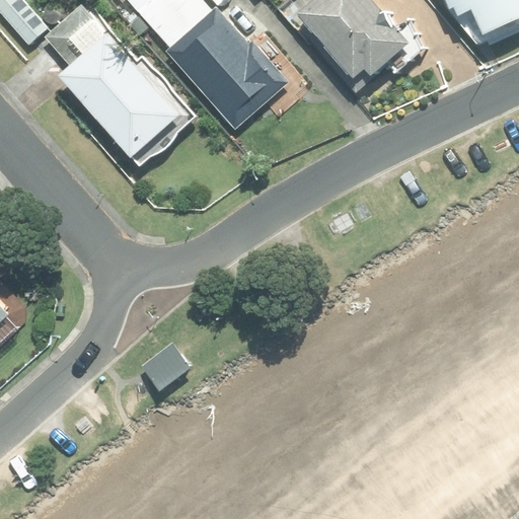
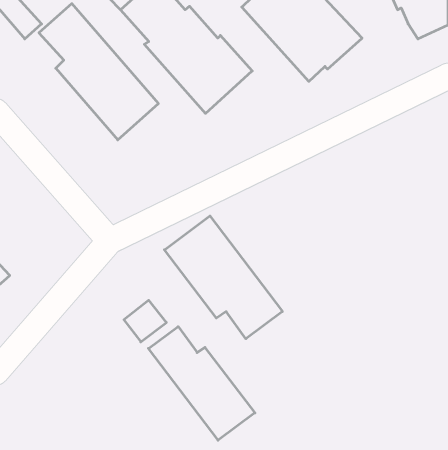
building: none -> [164,216,282,339]
building: none -> [148,327,255,440]

